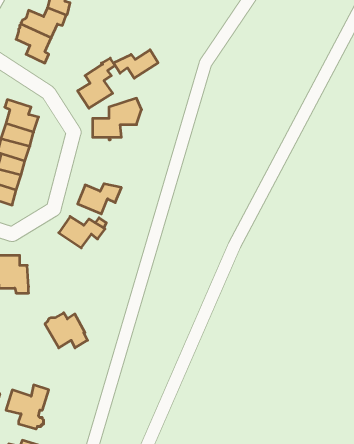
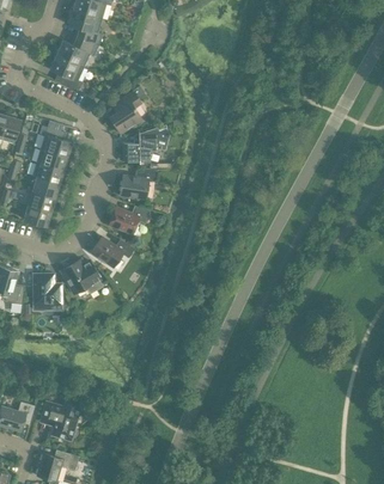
building: [113,50,158,78] -> none
building: none -> [120,169,157,198]
building: [45,313,88,348] -> [61,259,102,293]

